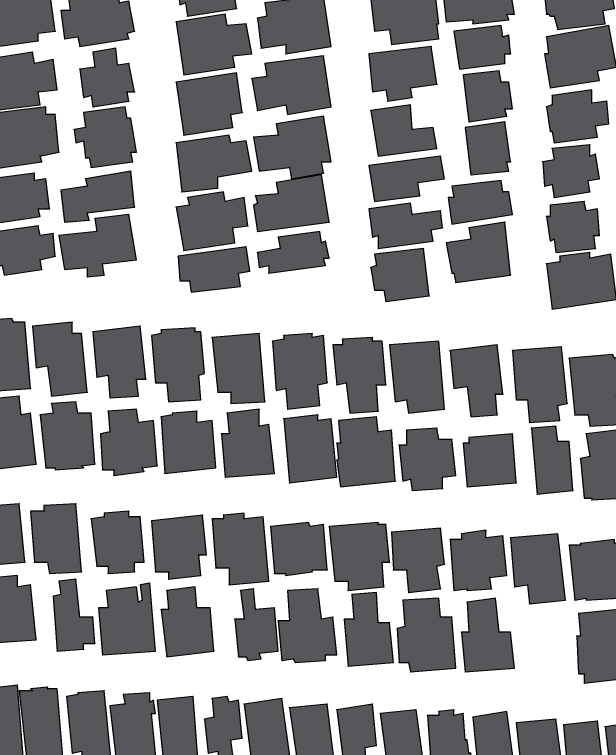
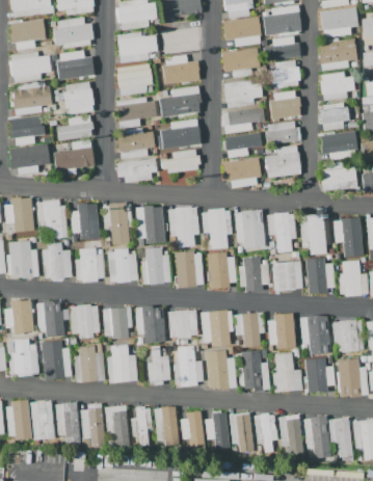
building: none -> [307,357,336,393]

